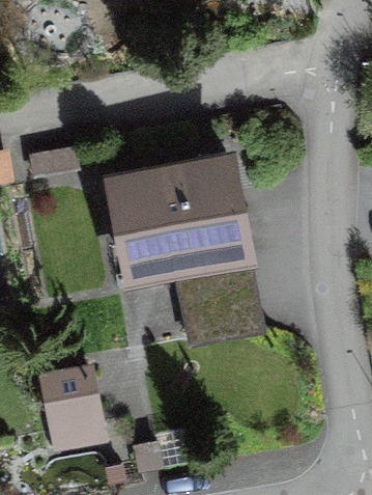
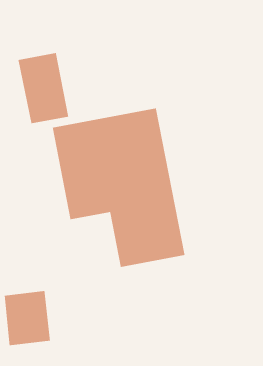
building: none -> [18,52,69,124]

